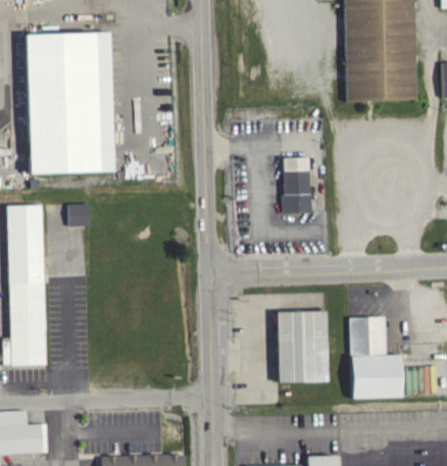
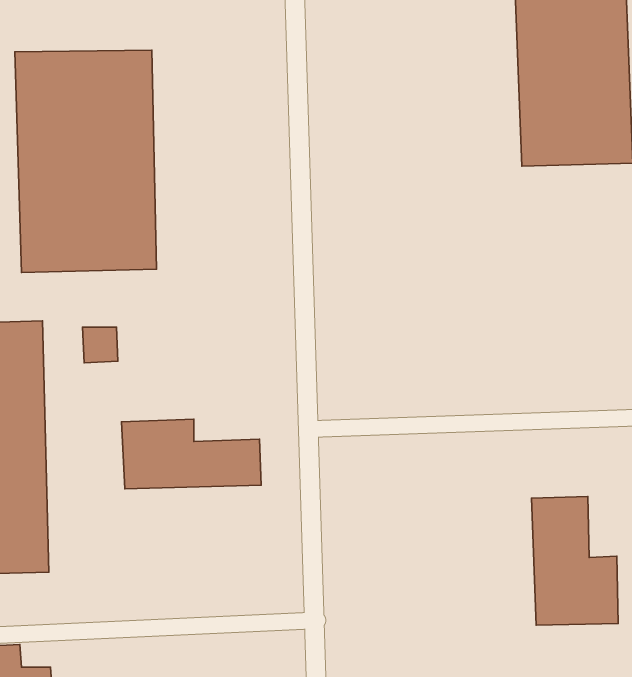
building: [282,164,310,220] -> none
building: none -> [122,419,261,489]
building: [280,312,332,382] -> none

